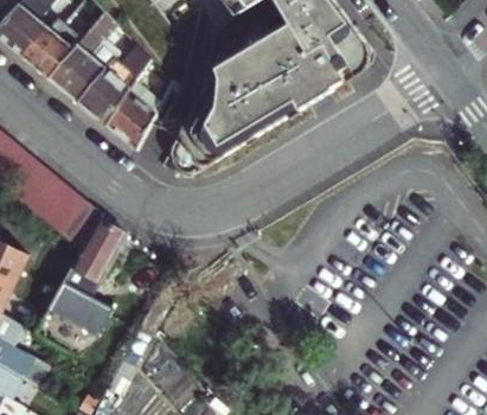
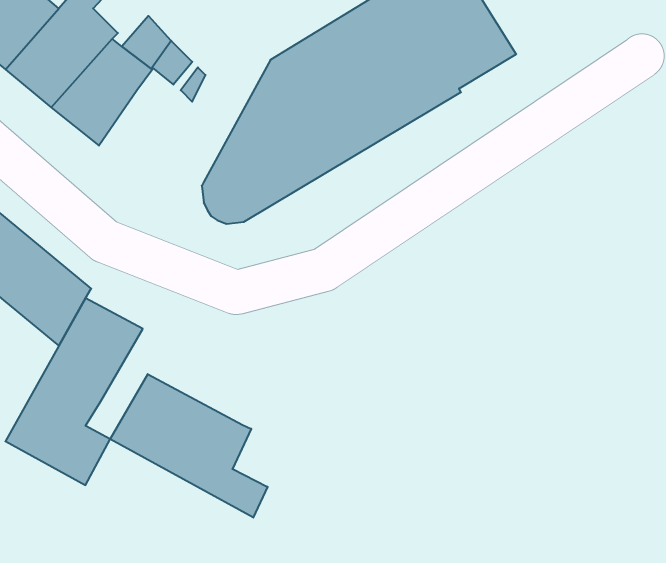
building: [104,89,155,149] -> none
building: none -> [110,374,268,518]

